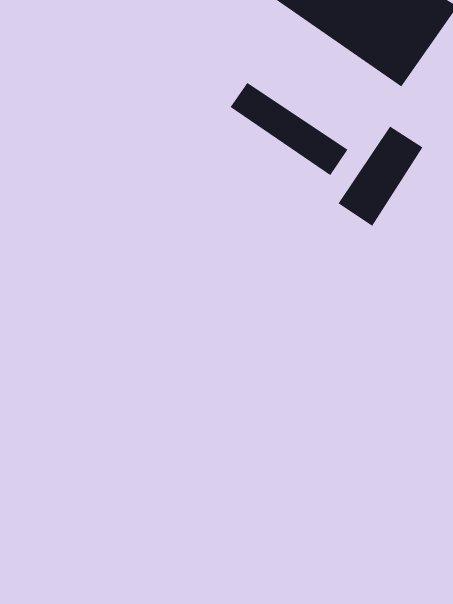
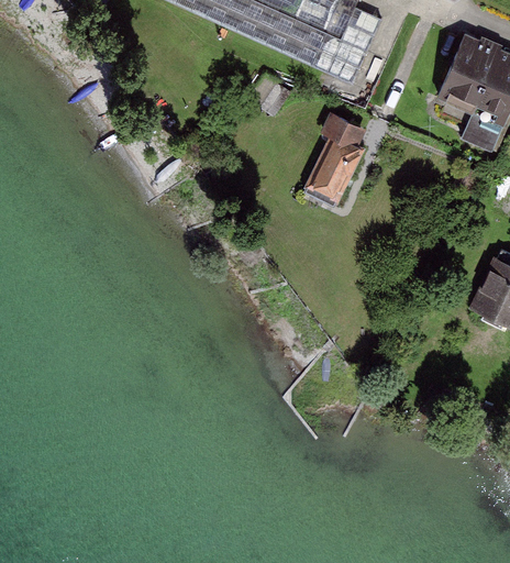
building: [230,82,348,176] -> none

